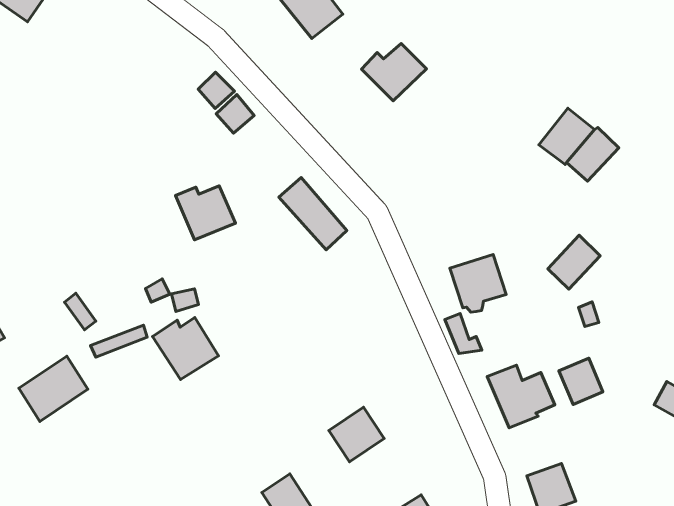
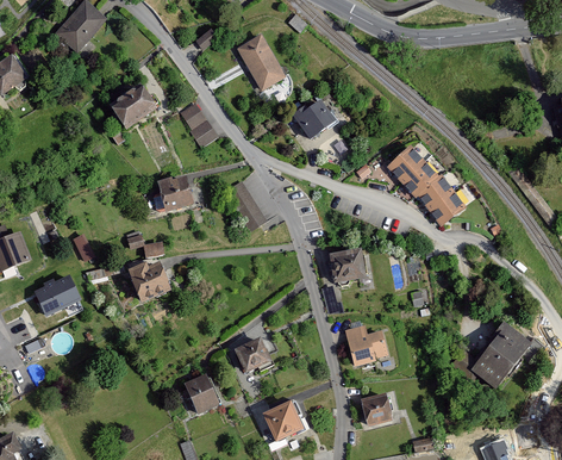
building: none -> [110,85,156,129]
building: none -> [386,145,423,181]
building: [548,235,600,289] -> [429,191,464,225]
building: [559,358,603,405] -> none

